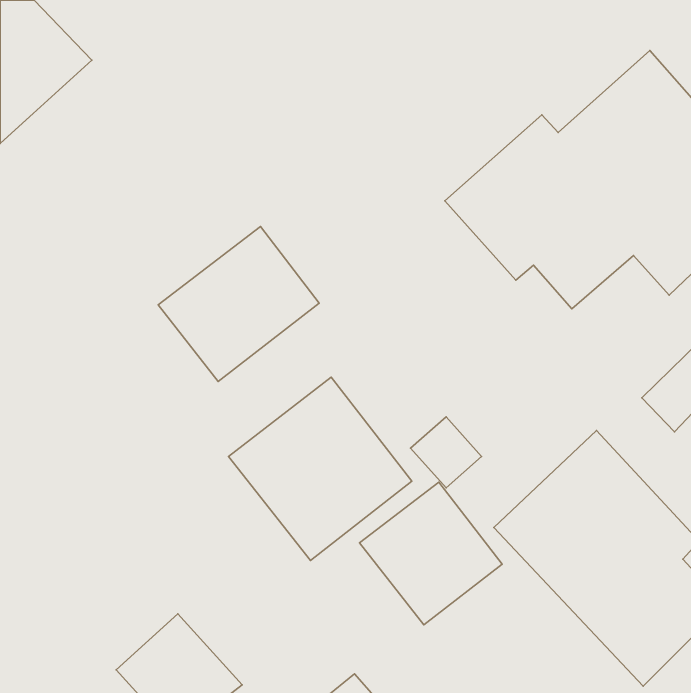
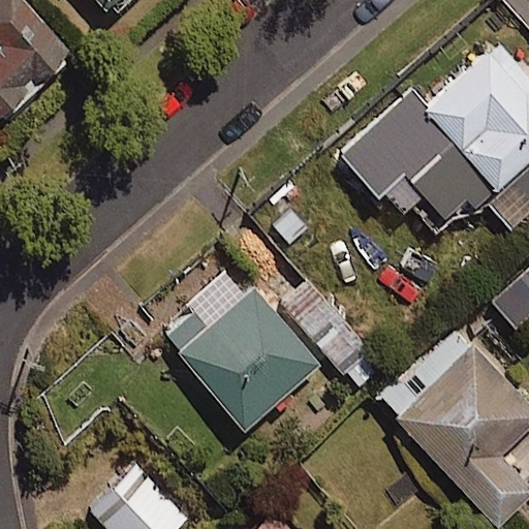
building: [158,227,319,382] -> none
building: [360,482,502,625] -> none

